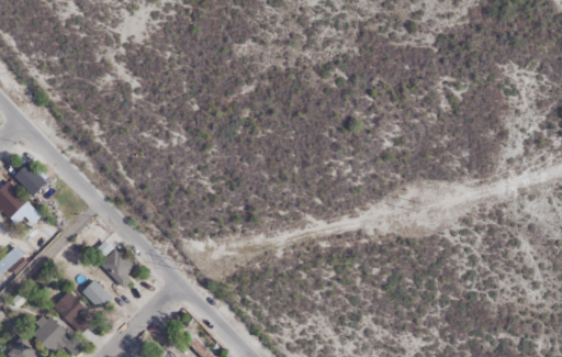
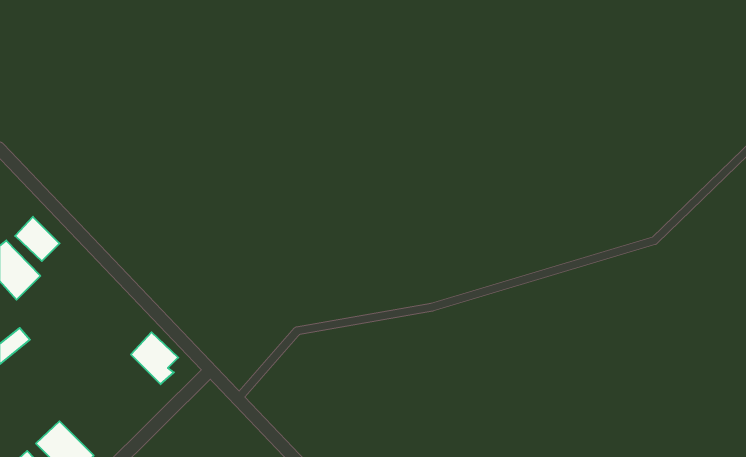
building: [81,279,112,310] -> none
building: [53,290,92,336] -> none

